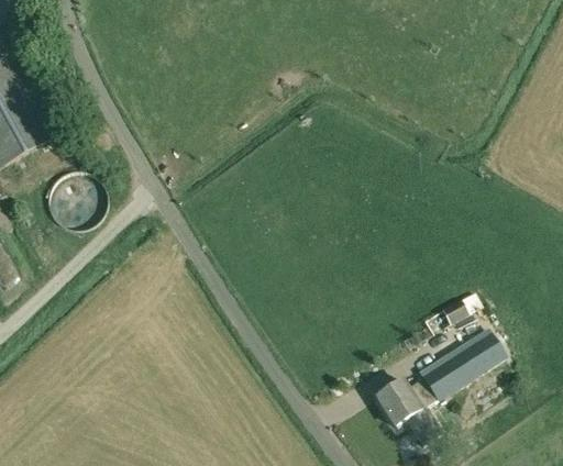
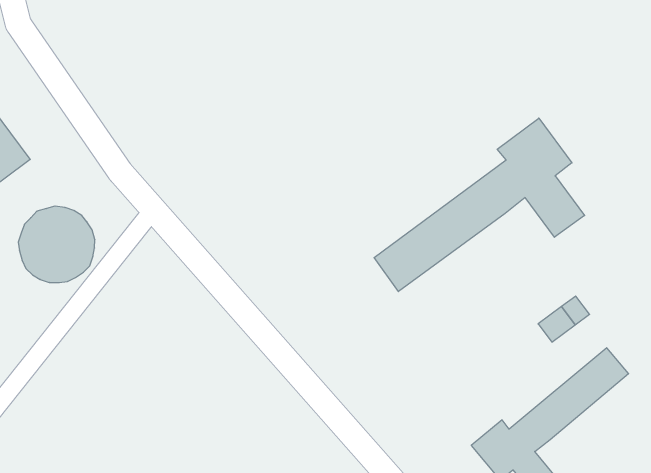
building: none -> [374,118,585,292]

